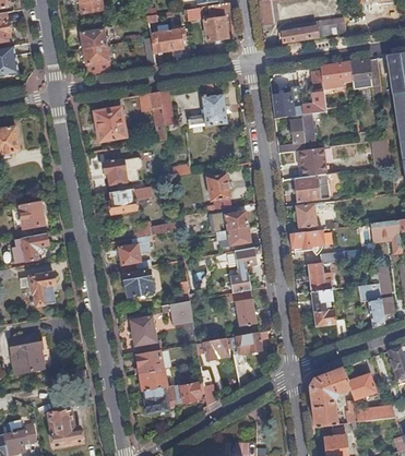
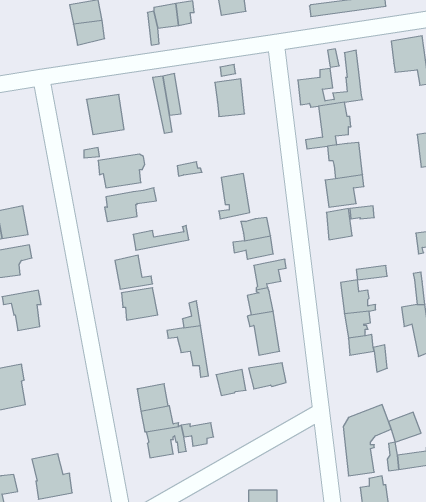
building: [320,62,353,88] -> none
building: [289,230,325,252] -> none
building: [131,317,160,355] -> none

